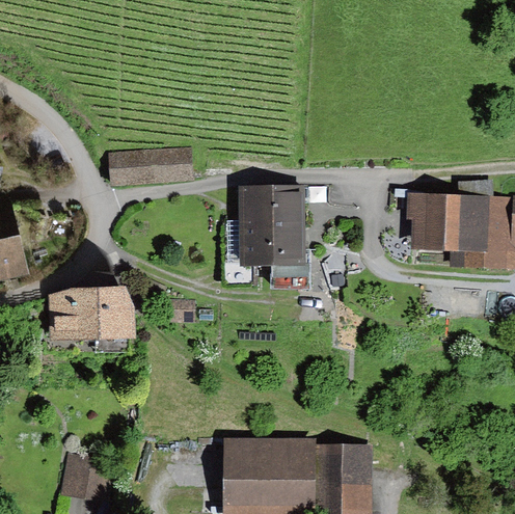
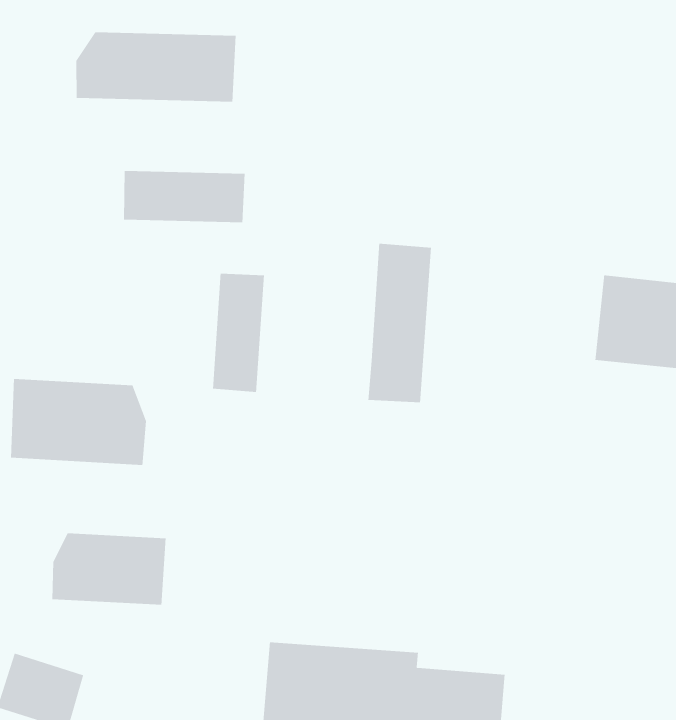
building: none -> [75,31,236,102]
building: [241,186,270,260] -> [212,273,265,393]
building: none -> [51,533,167,605]

